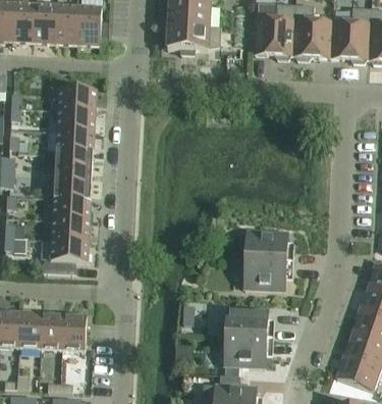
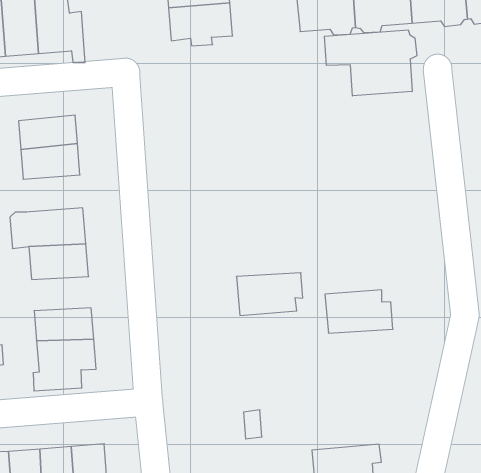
building: none -> [324,30,417,96]
building: [54,128,94,152] -> none
building: [51,196,91,220] -> none
building: [247,258,291,287] -> [236,273,303,315]
building: [226,306,273,338] -> none

